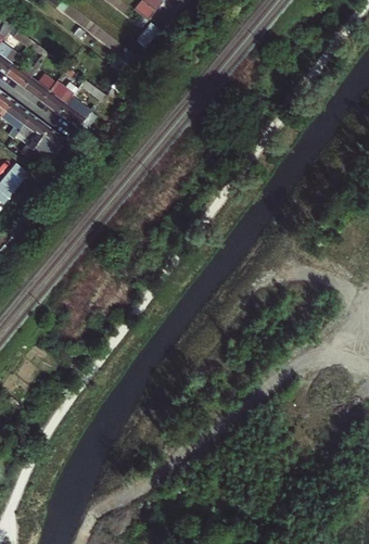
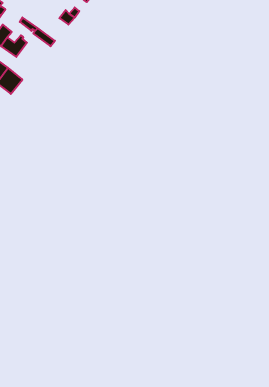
building: [59,96,91,127] -> none

